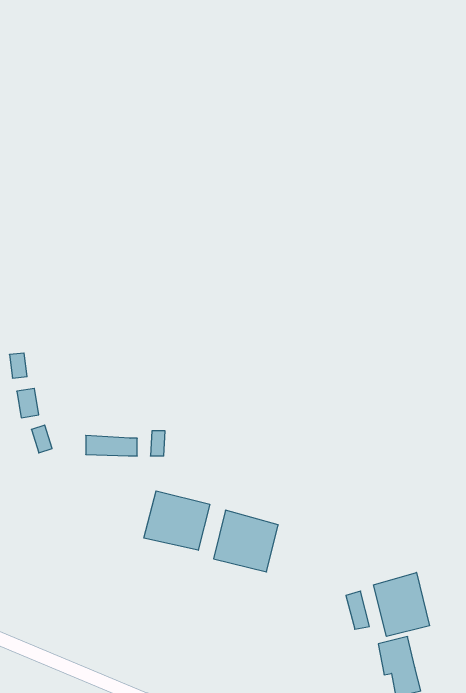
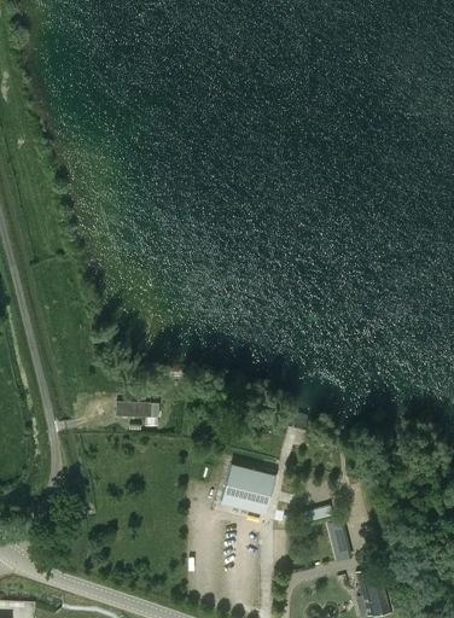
building: [144,491,210,550] -> none
building: [373,572,429,636] -> none

